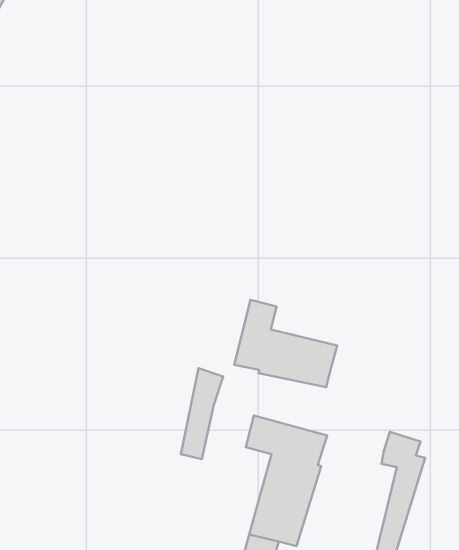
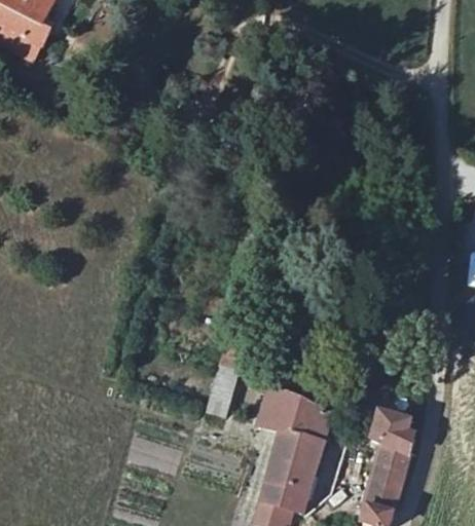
building: [234,300,337,387] -> none

